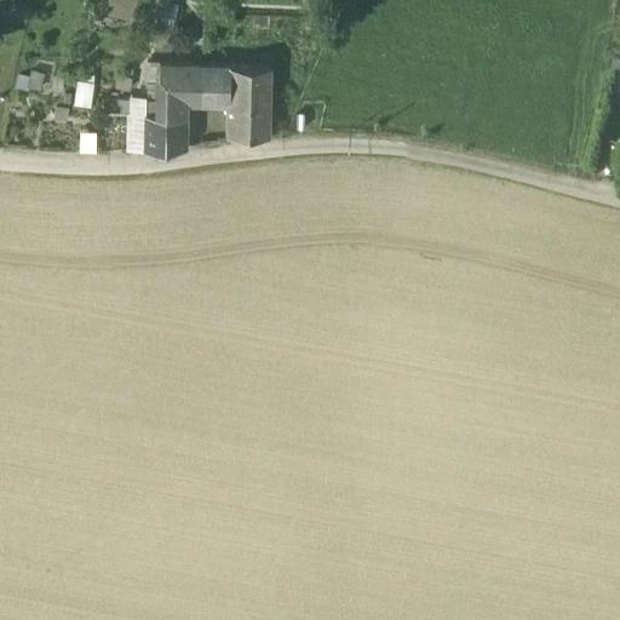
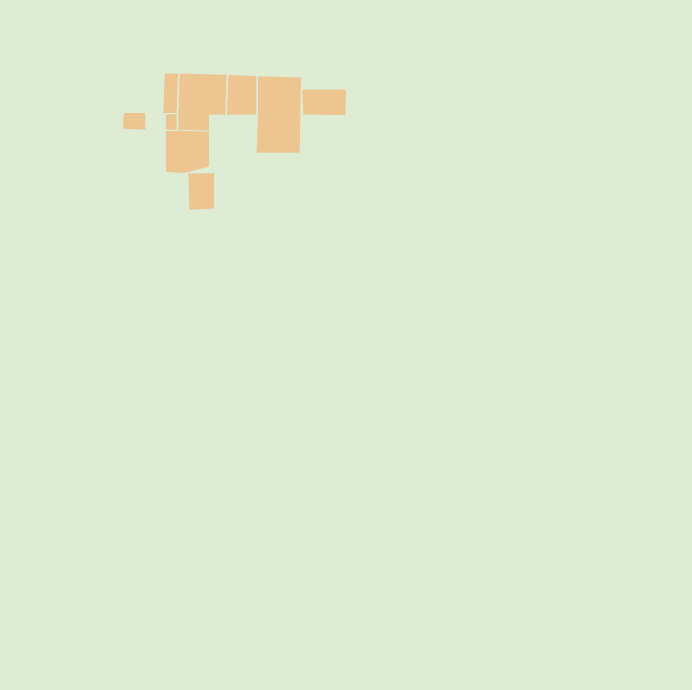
building: none -> [302,89,346,116]
building: none -> [188,173,215,210]

